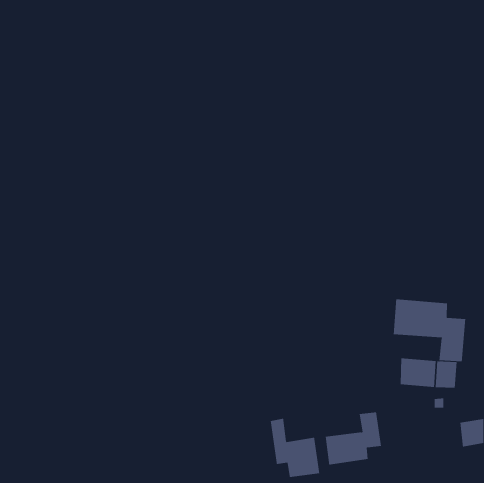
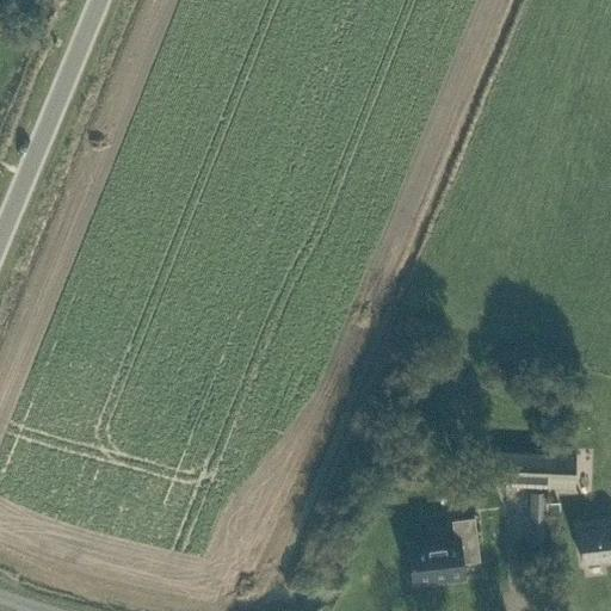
building: [393,299,466,362] -> none
building: [270,418,320,478] -> none

